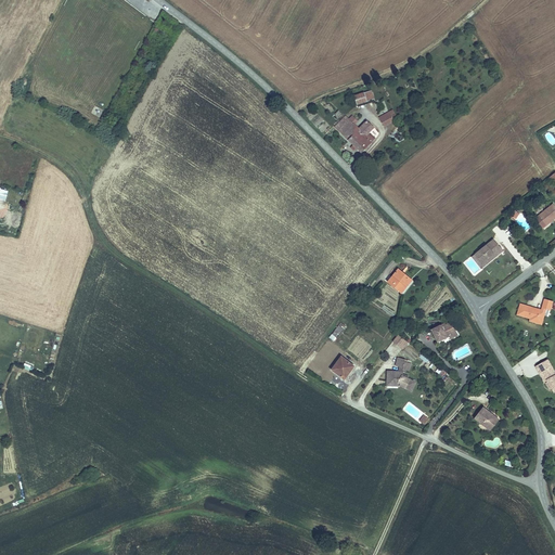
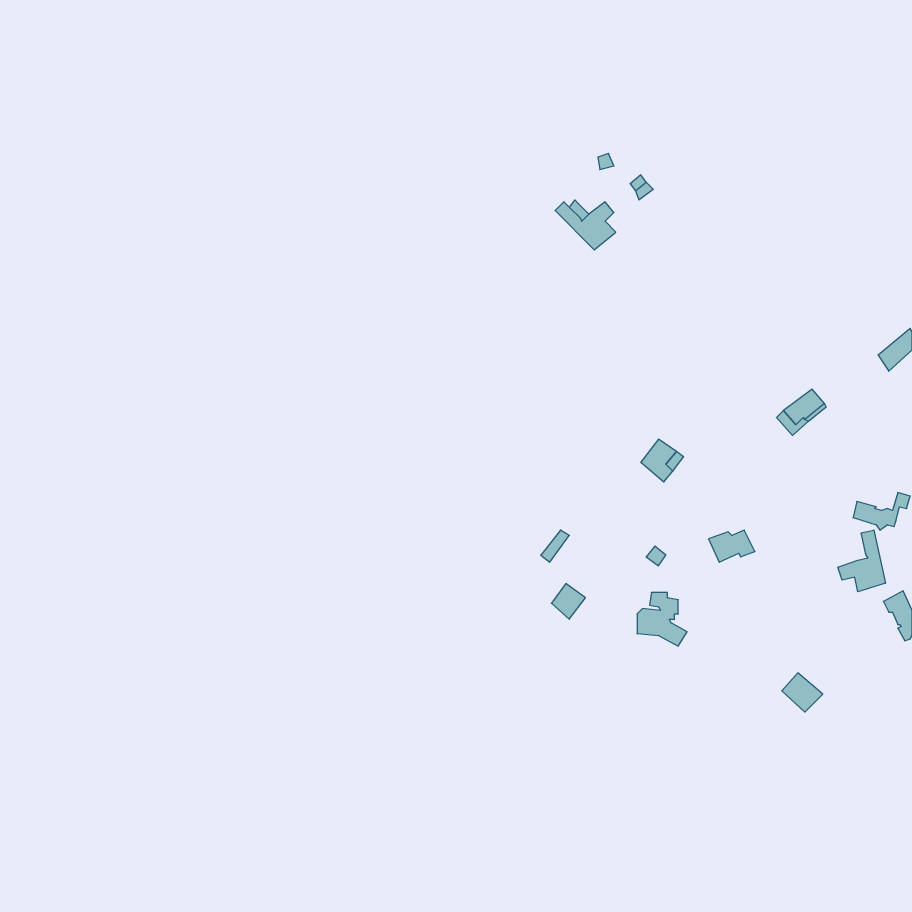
building: none -> [838,530,885,592]

